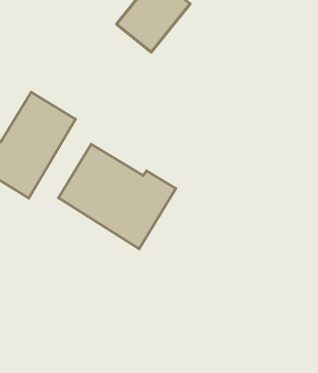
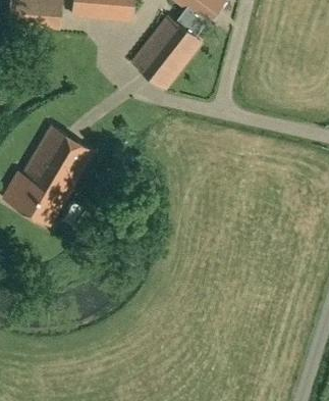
building: [58,144,176,249] -> none

